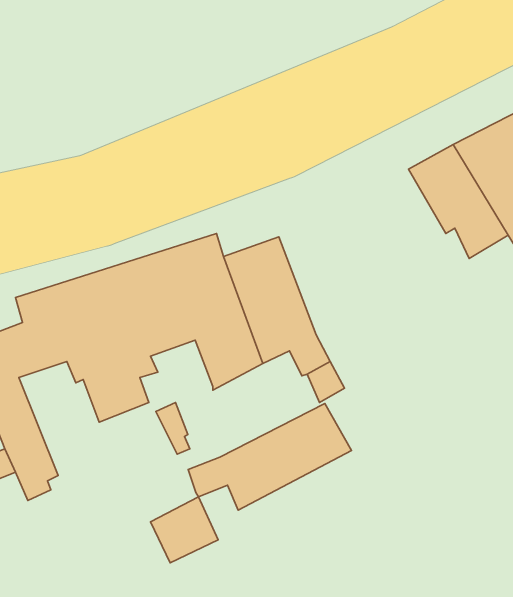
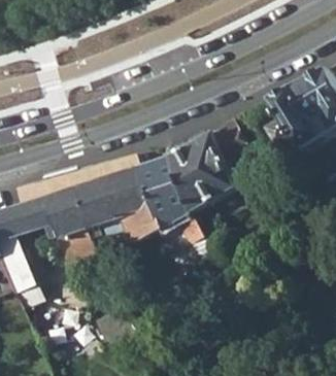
building: none -> [169,121,250,210]
building: [188,404,351,510] -> none

